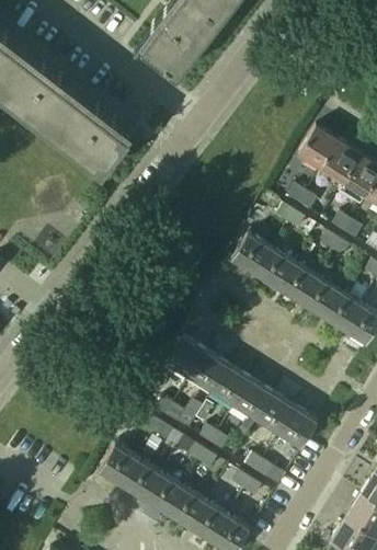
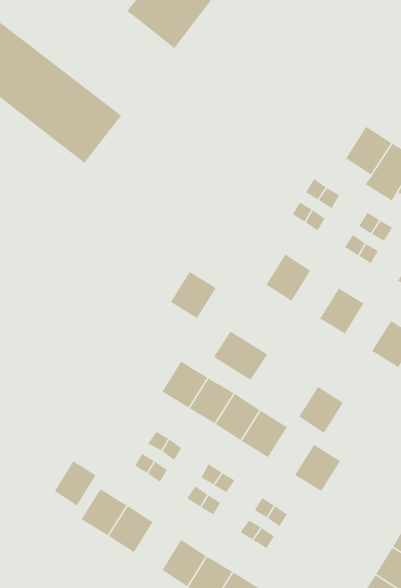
building: [298,127,339,169] -> none
building: [231,234,271,275] -> [170,271,217,319]
building: [276,263,316,303] -> none
building: [321,290,359,331] -> none
building: none -> [213,331,268,381]
building: [256,394,295,435] -> [298,386,344,434]
building: none -> [54,460,97,506]
building: [144,474,183,515] -> none

